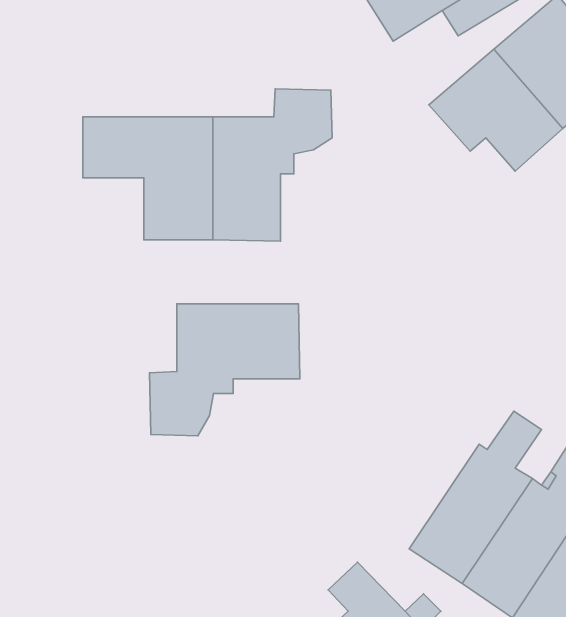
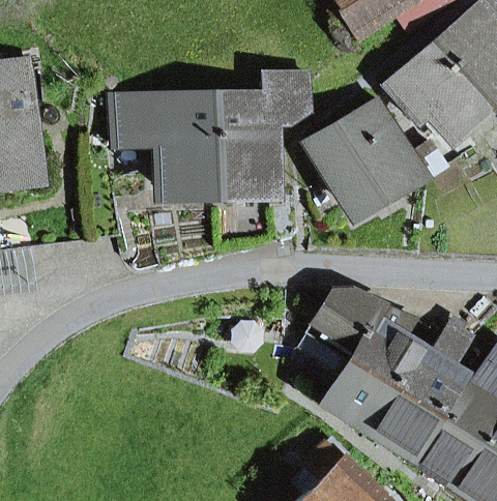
building: none -> [312,100,425,214]
building: [150,304,300,436] -> none
building: none -> [310,294,422,433]

